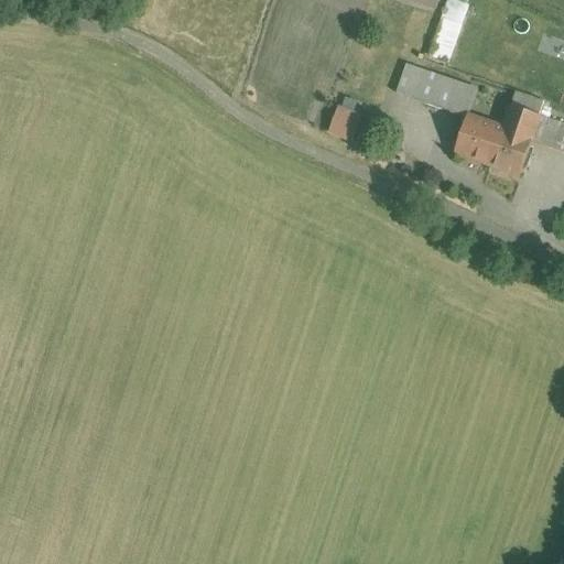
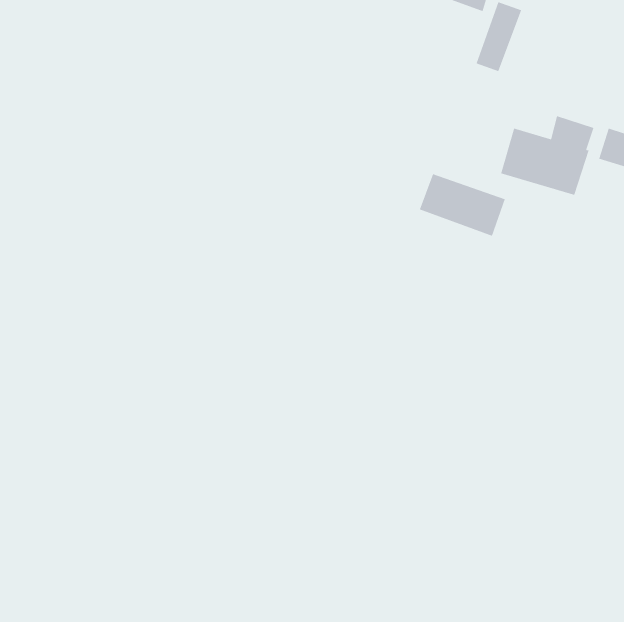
building: [403,58,481,116] -> [419,173,506,237]
building: [328,105,365,142] -> none

